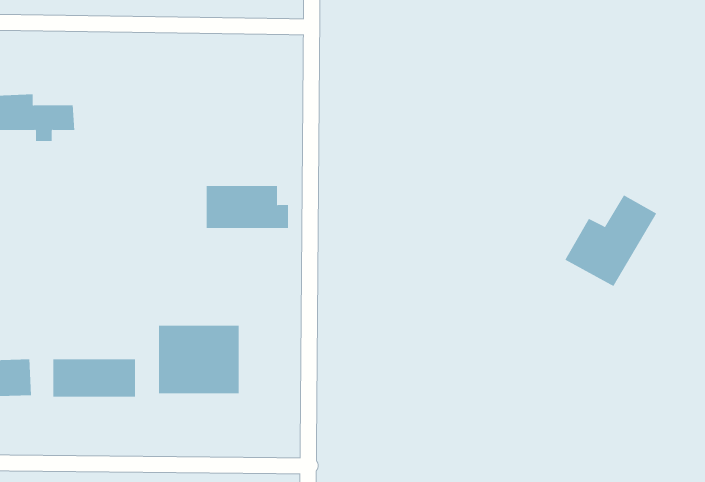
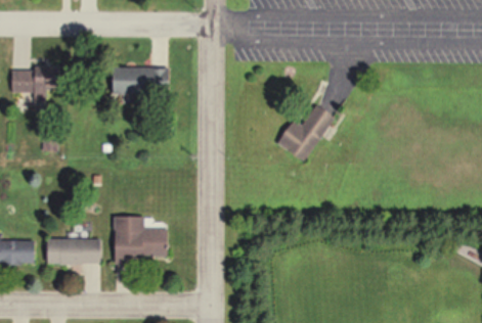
building: [206,185,289,228] -> [115,67,168,95]
building: [564,194,657,287] -> [277,103,337,163]

